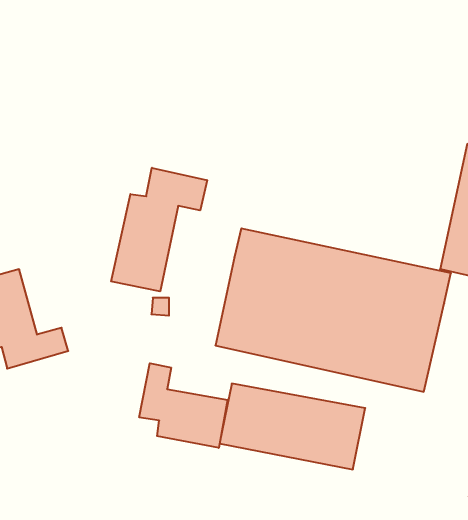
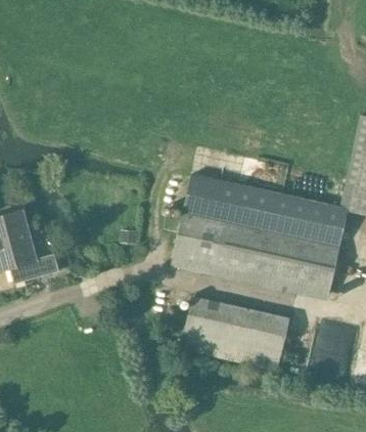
building: [111,168,207,291] -> none
building: [139,363,227,448] -> none

